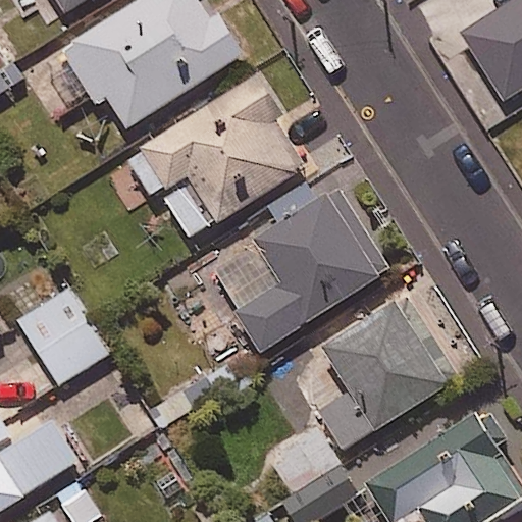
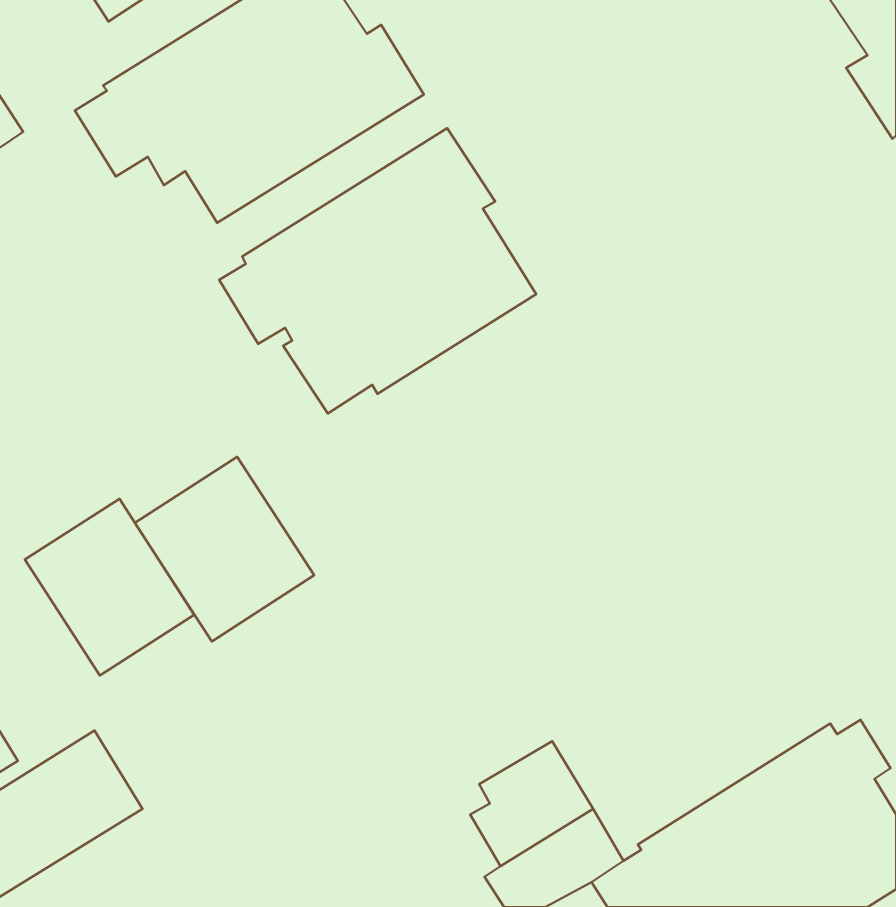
building: [209,186,388,350] -> none
building: none -> [135,457,314,641]
building: [300,294,457,449] -> none

